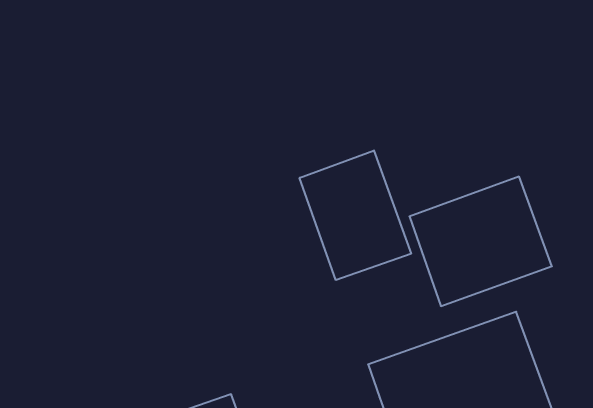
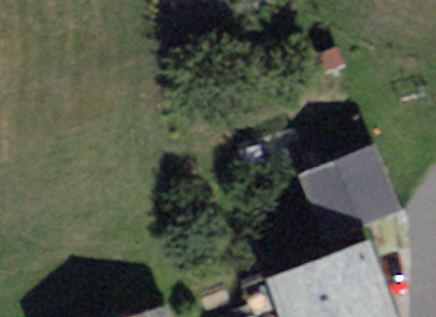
building: [300,150,411,280] -> none

